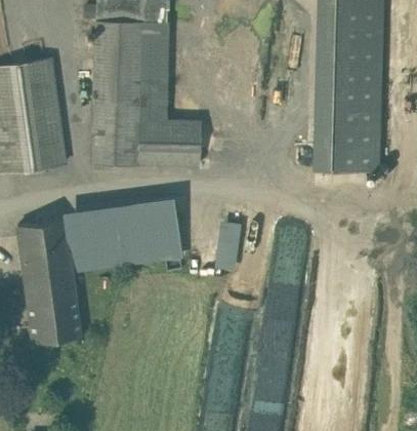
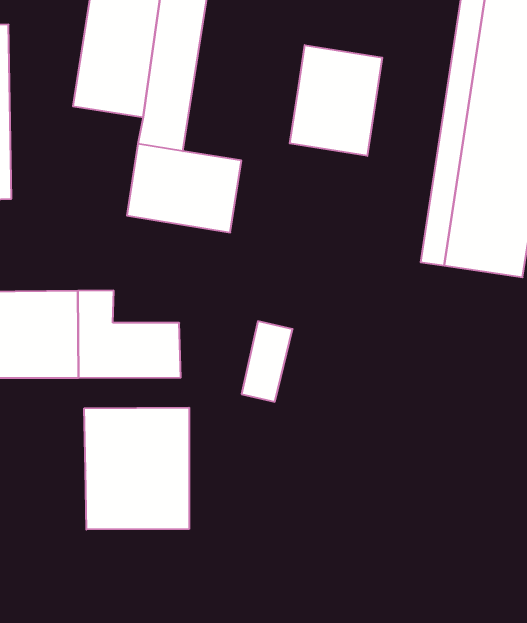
building: none -> [290,45,382,156]
building: [93,102,137,165] -> none
building: [133,204,175,229] -> none
building: none -> [84,408,189,530]

